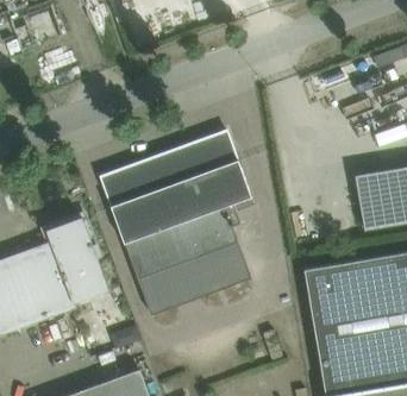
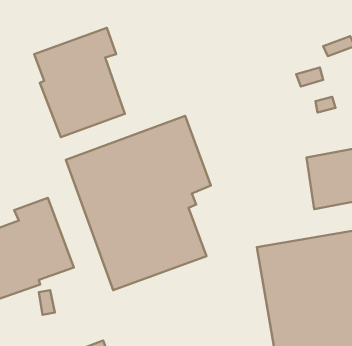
building: none -> [34,28,125,137]

